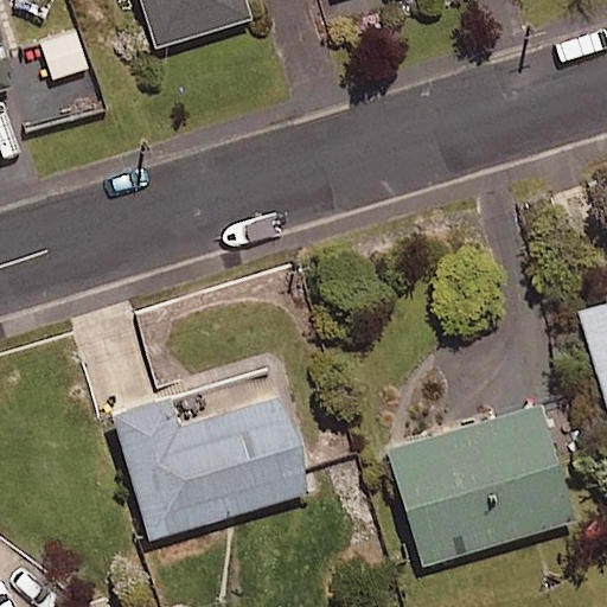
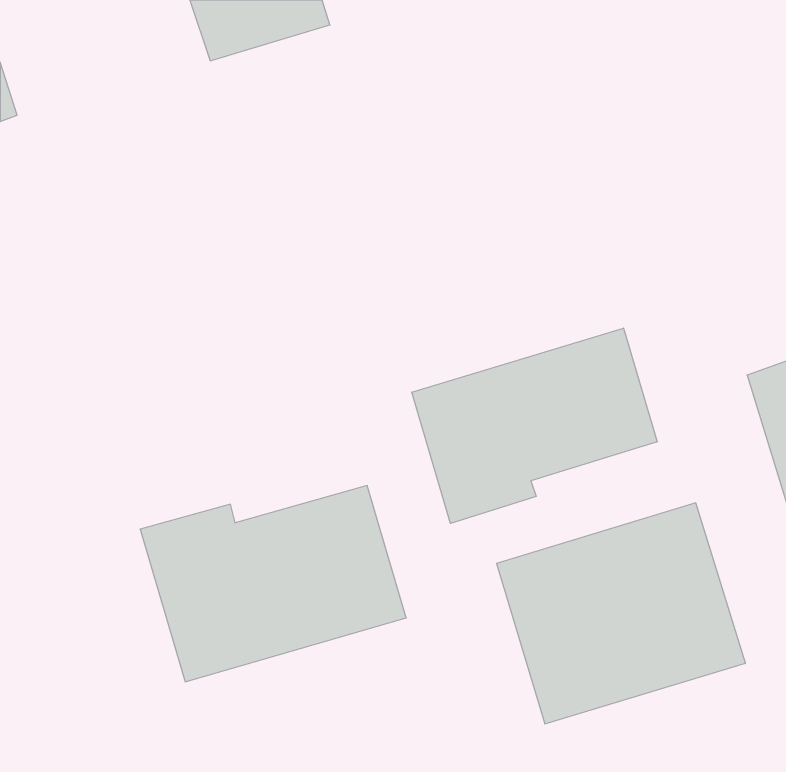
building: none -> [412,328,657,523]

